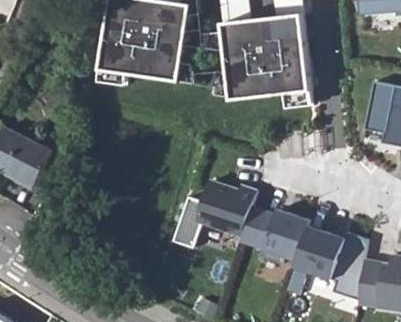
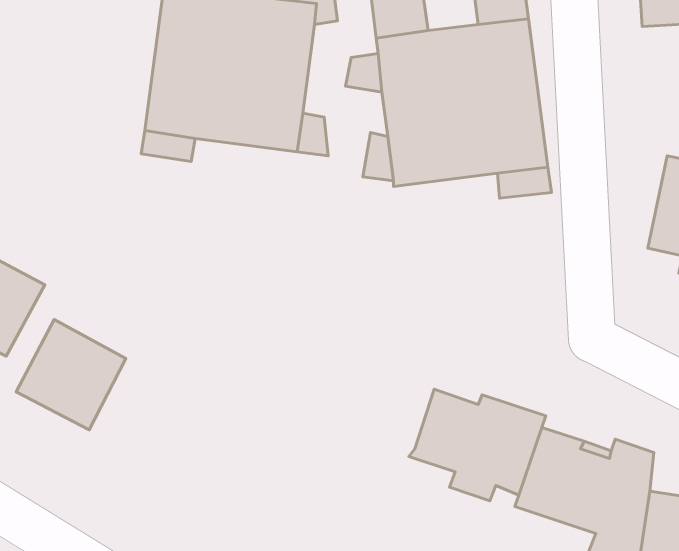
building: none -> [16,319,126,430]
building: [170,180,258,248] -> none

